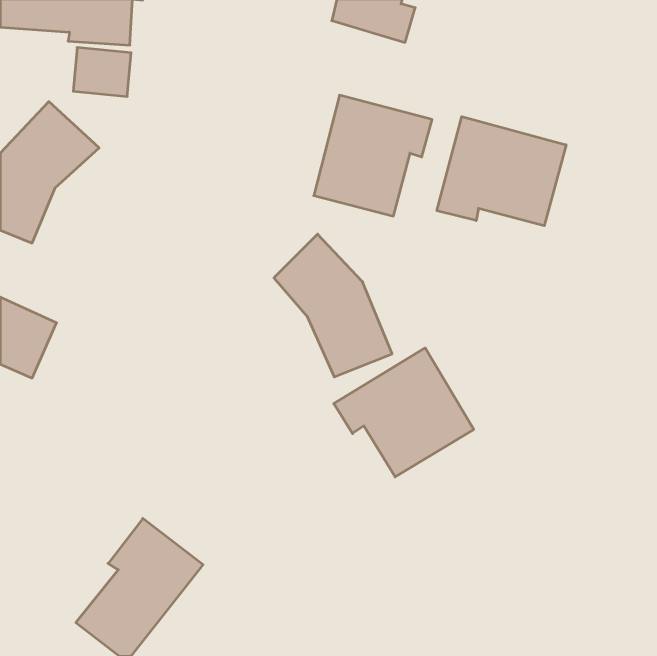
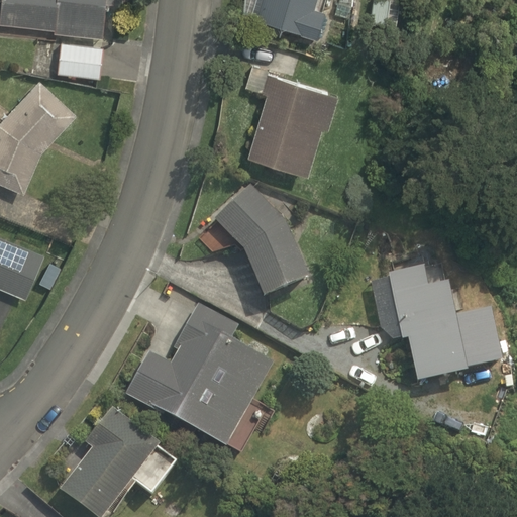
building: [437,117,566,226] -> none
building: none -> [389,266,502,381]
building: [334,348,474,477] -> none
building: none -> [125,304,274,446]

